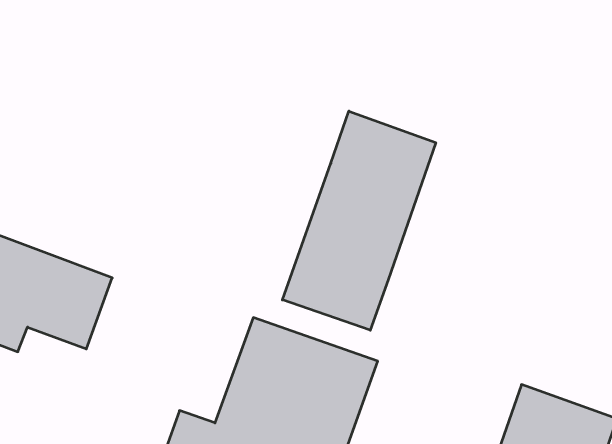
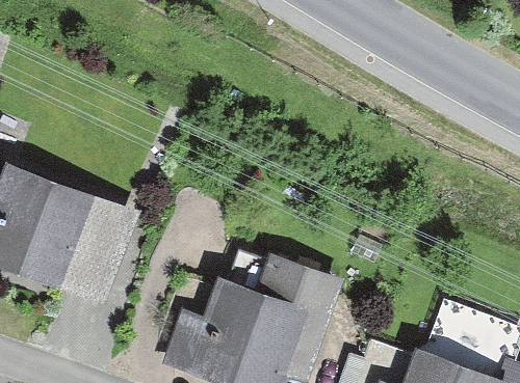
building: [282,111,436,330] -> none

